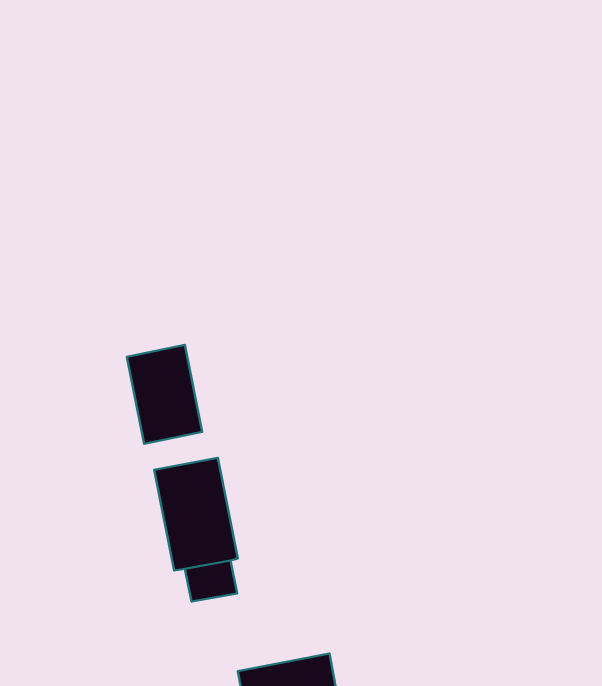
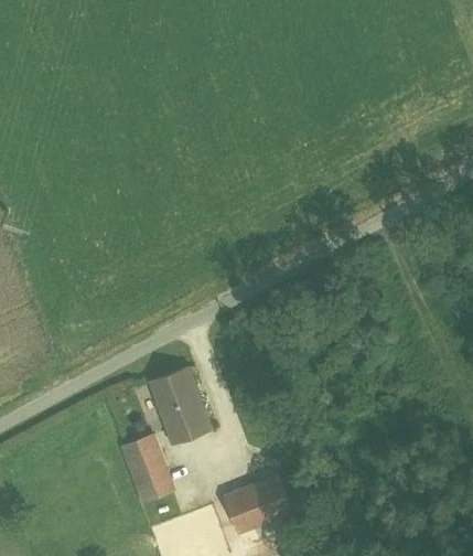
building: [127,345,202,444] -> none
building: none -> [125,437,170,498]

